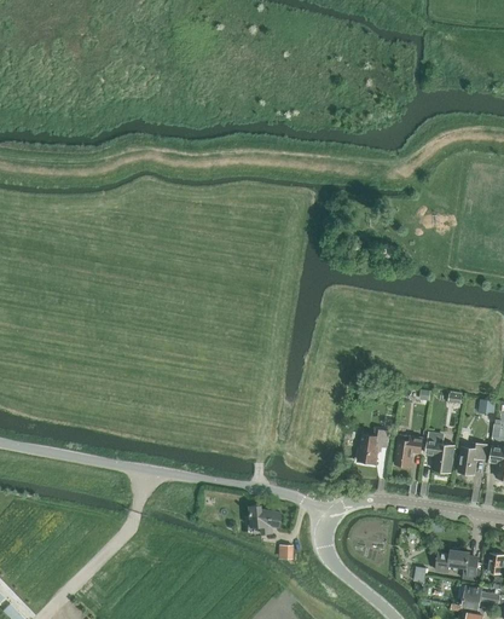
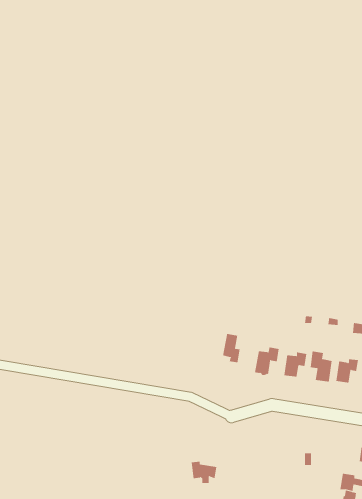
building: none -> [223,333,240,363]
building: [248,505,280,533] -> [191,461,217,484]
building: [436,548,480,579] -> none

